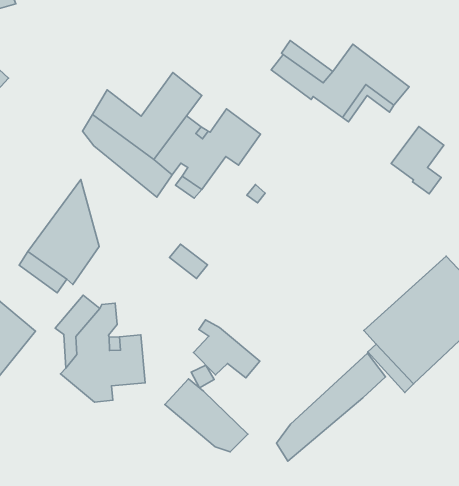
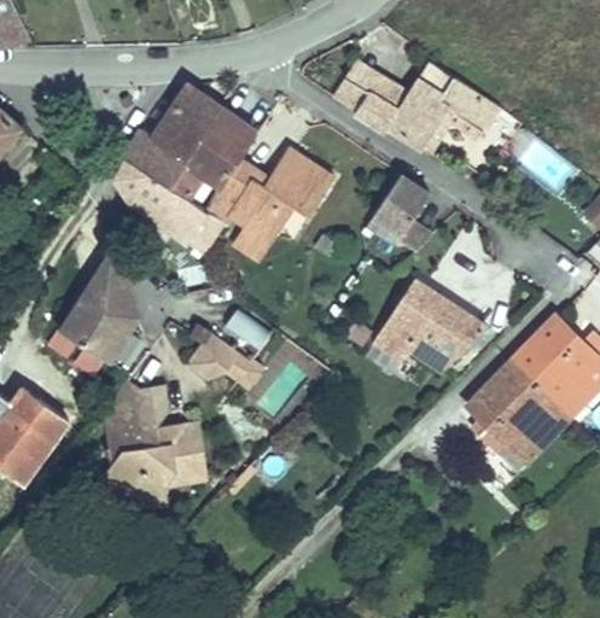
building: none -> [152,86,219,162]
building: [391,127,444,194] -> [373,174,435,253]
building: none -> [373,281,488,375]
building: [194,320,260,378] -> [186,325,266,391]
building: [276,353,385,461] -> none
building: [165,379,248,452] -> none

